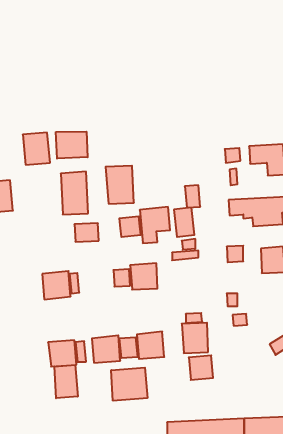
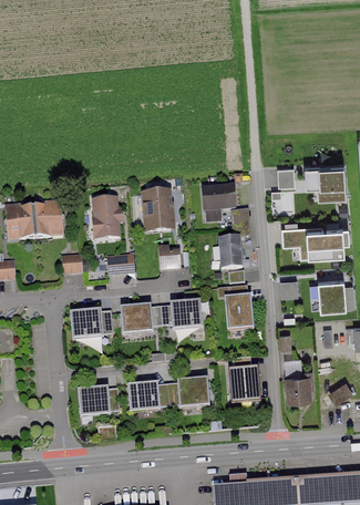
building: [56,132,88,159] -> none
building: [23,133,50,165] -> [33,204,64,240]
building: [140,207,170,243] -> [202,183,236,224]
building: none -> [61,254,83,278]
building: none -> [224,296,253,330]
building: none -> [119,306,152,332]
building: [189,355,213,380] -> [285,374,312,402]
building: [54,365,78,398] -> none
building: [111,368,147,401] -> none

